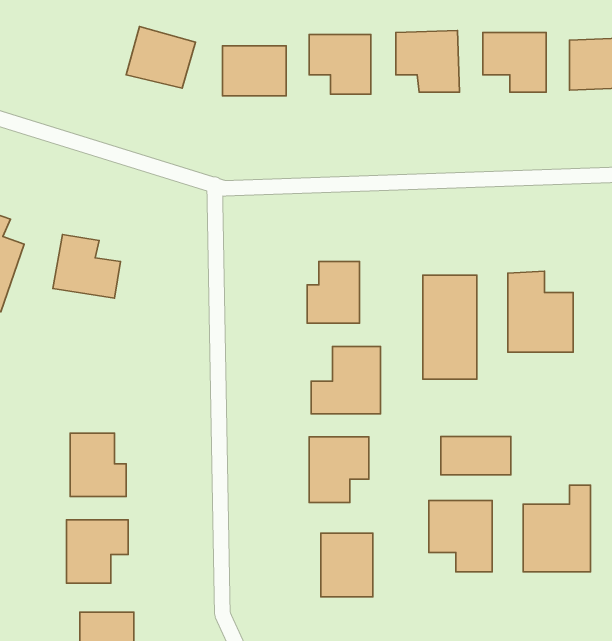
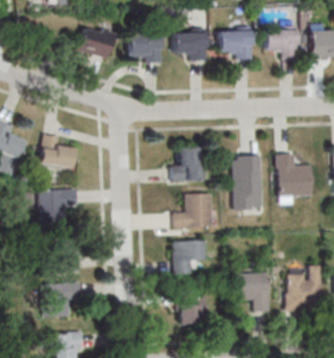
building: none -> [39,190,77,222]
building: [441,436,511,475] -> none

